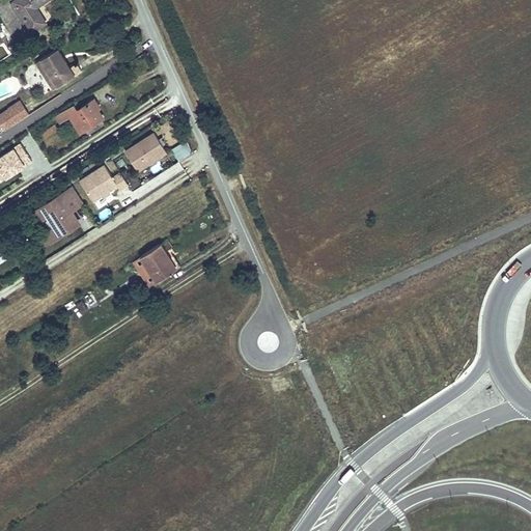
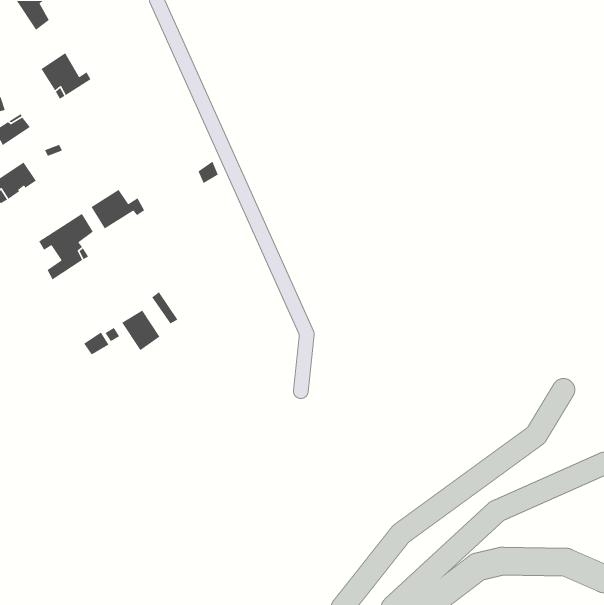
building: [56,102,100,132] -> none
building: [124,134,166,172] -> none
building: [139,245,173,281] -> [121,310,160,351]

